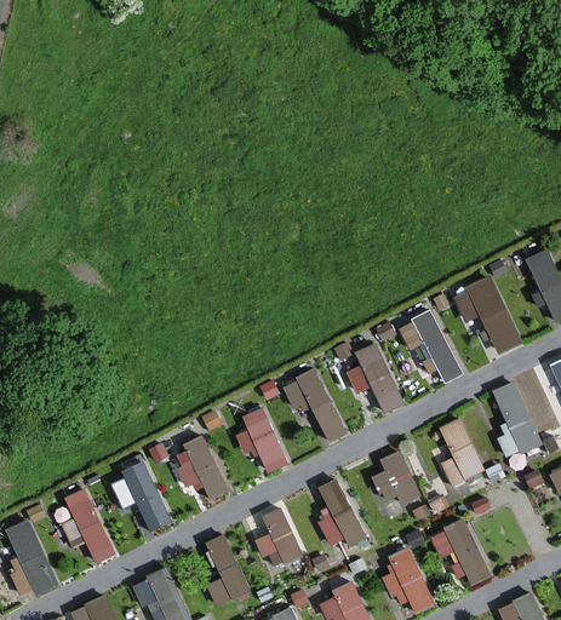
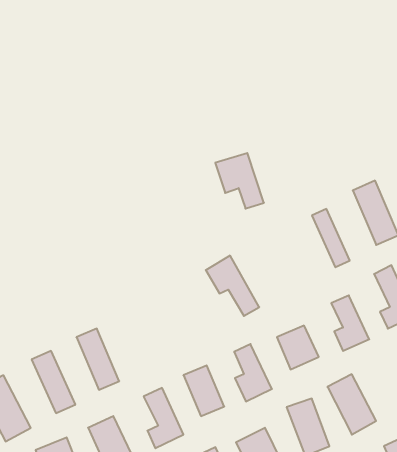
building: [340,345,401,414] -> [215,153,264,209]
building: [239,413,290,477] -> none
building: [172,435,229,504] -> none

